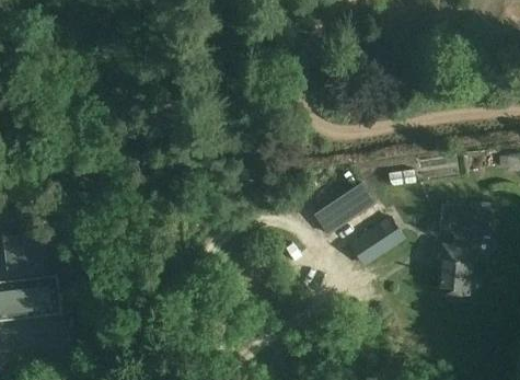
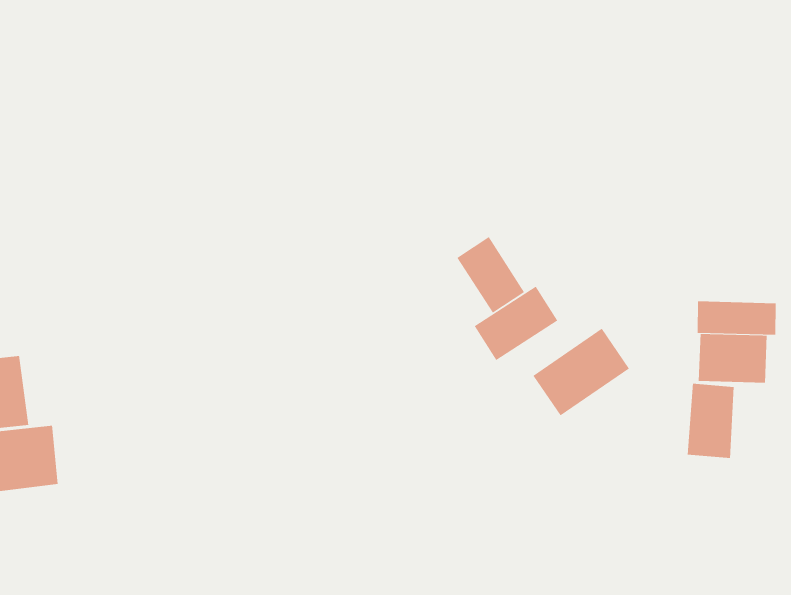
building: none -> [457,236,525,314]
building: none -> [697,301,776,335]

